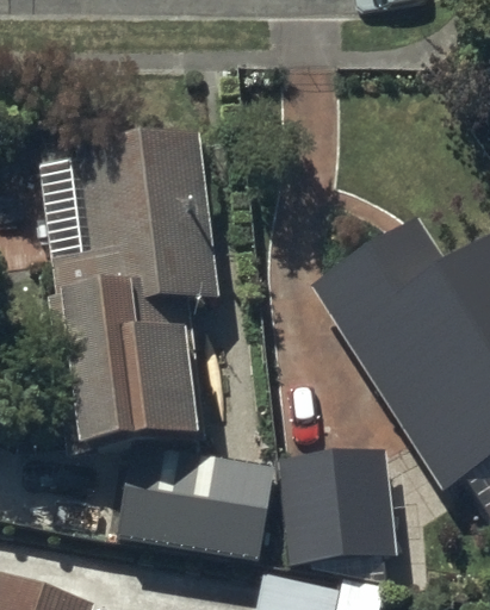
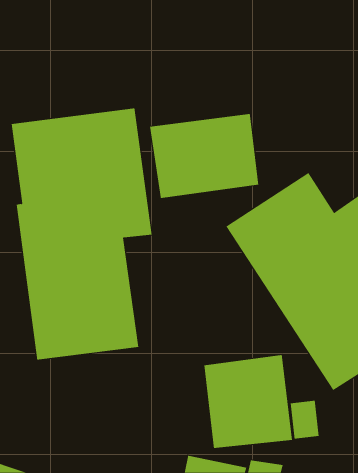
building: none -> [150,113,259,199]
building: [118,449,274,559] -> none

